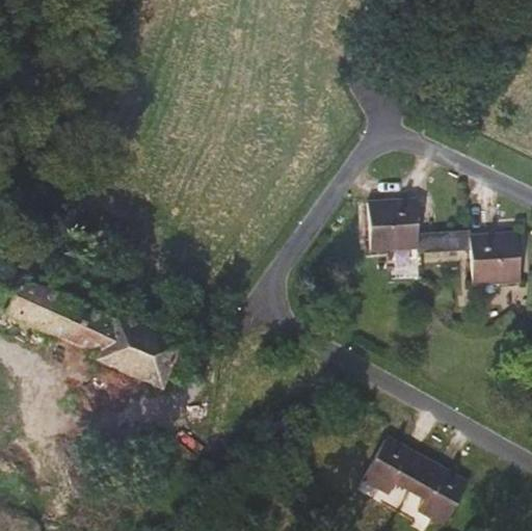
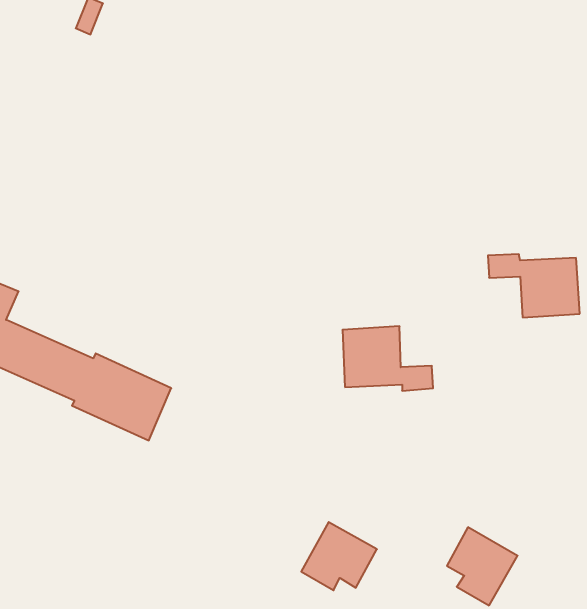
building: [369,200,445,254] -> [342,326,433,391]
building: [364,437,427,495] -> [301,522,377,590]

